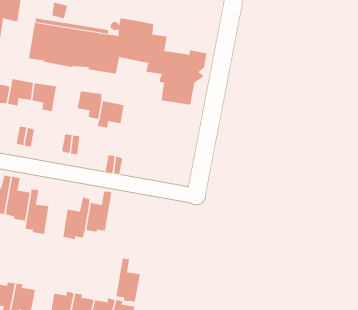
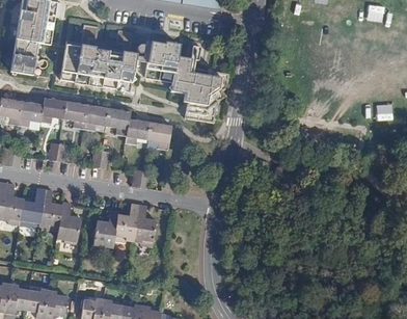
building: none -> [83,104,109,130]
building: none -> [147,122,172,149]
building: [116,258,141,302] -> [133,204,157,245]

